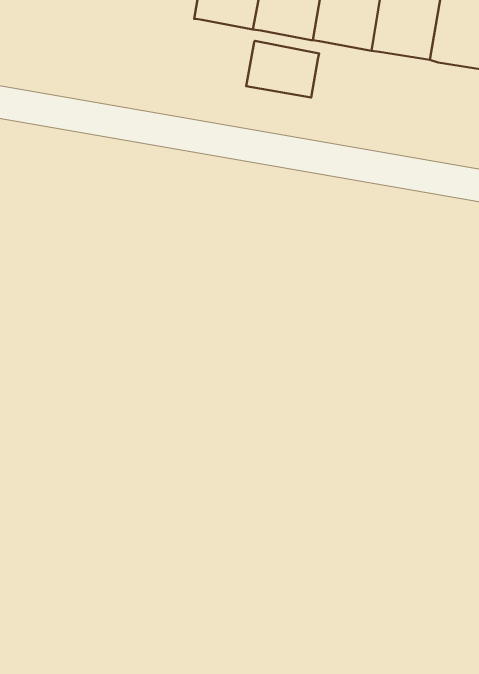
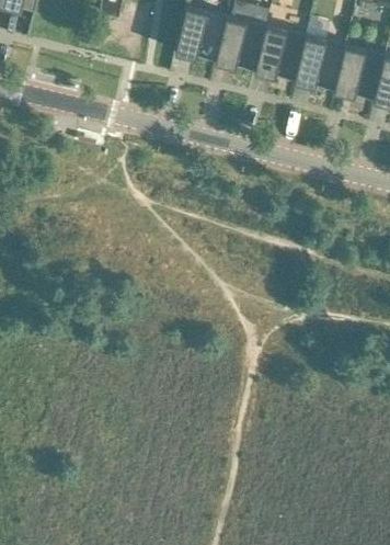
building: [246,41,319,97] -> none

